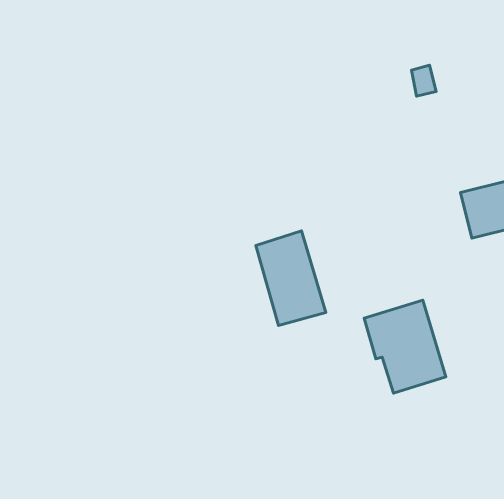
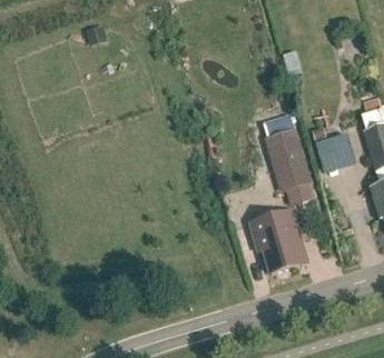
building: [256,231,326,325] -> [264,127,312,191]

